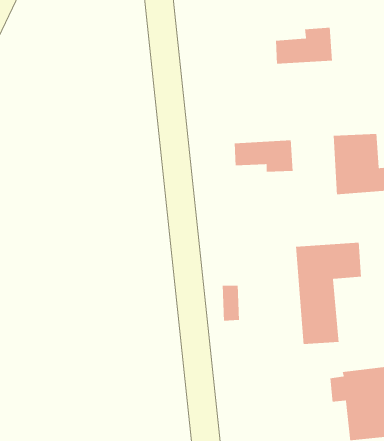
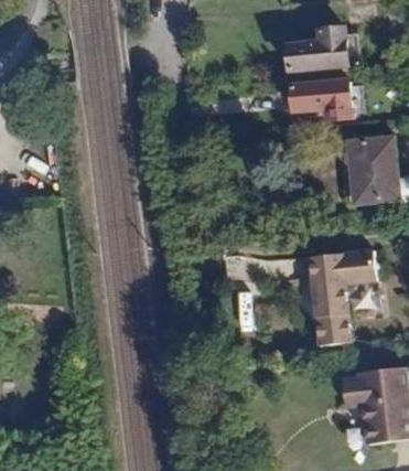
building: [234,139,294,173] -> [292,92,352,125]

